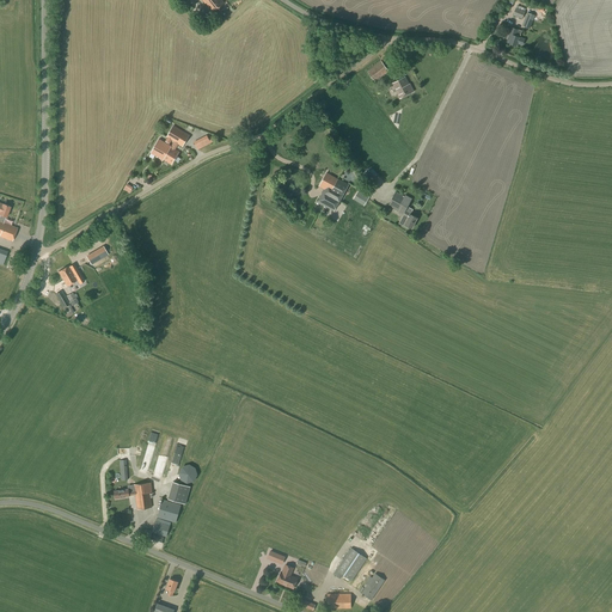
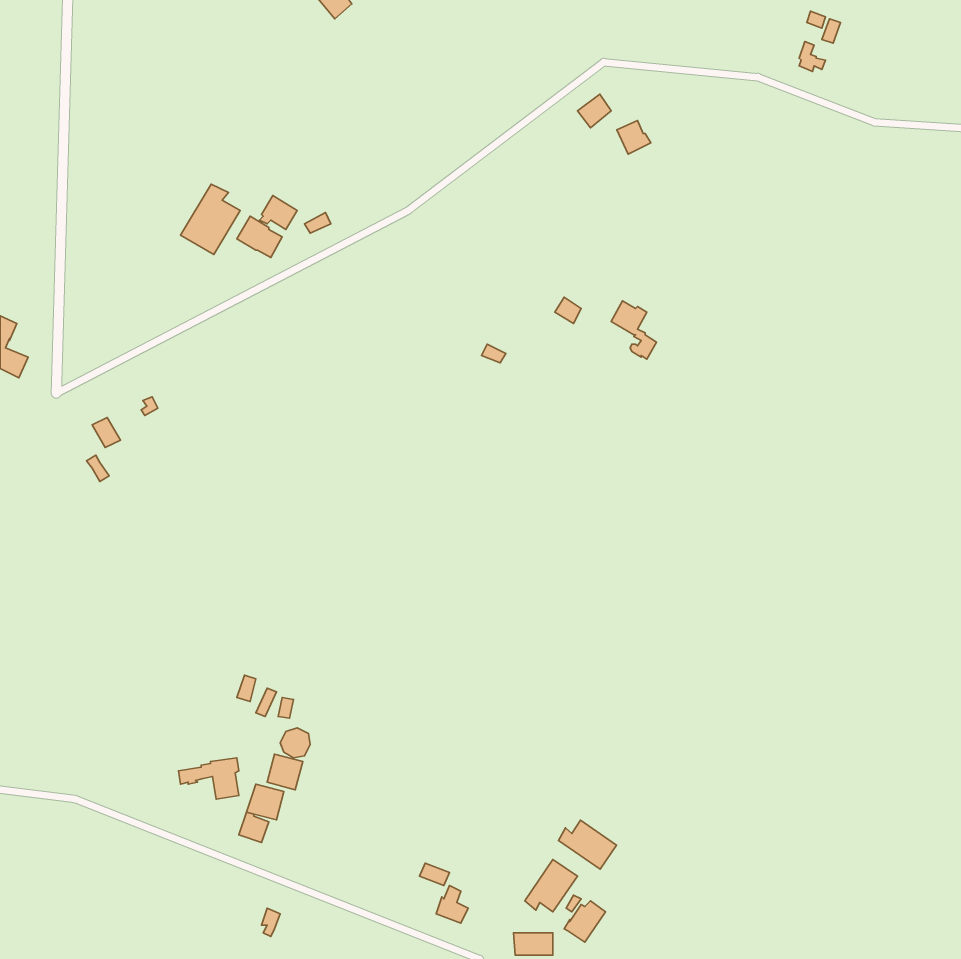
building: none -> [181,184,240,255]
building: [310,172,348,214] -> none
building: none -> [559,820,617,869]

